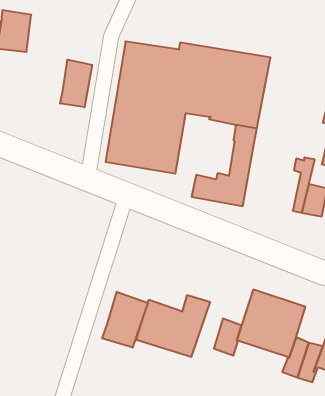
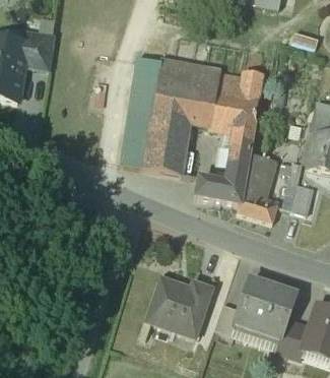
building: [60,60,92,107] -> none
building: none -> [239,152,278,222]
building: [102,292,148,348] -> none

